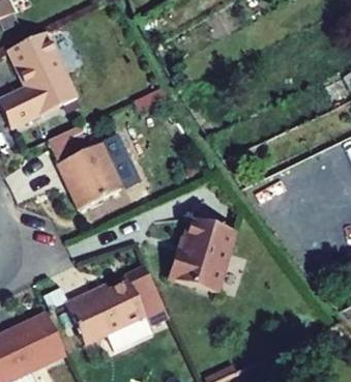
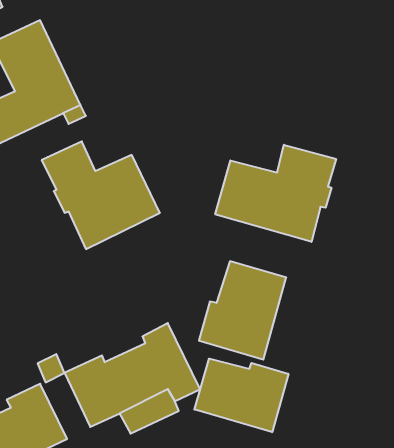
building: none -> [215,145,336,242]
building: none -> [194,359,288,432]

